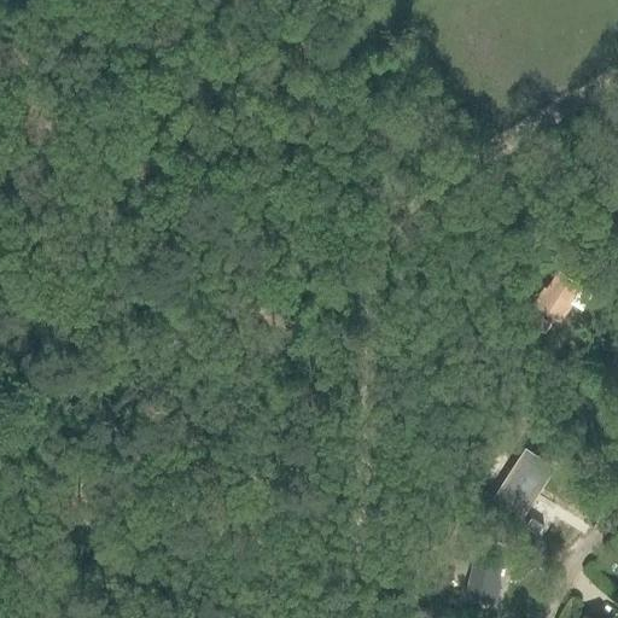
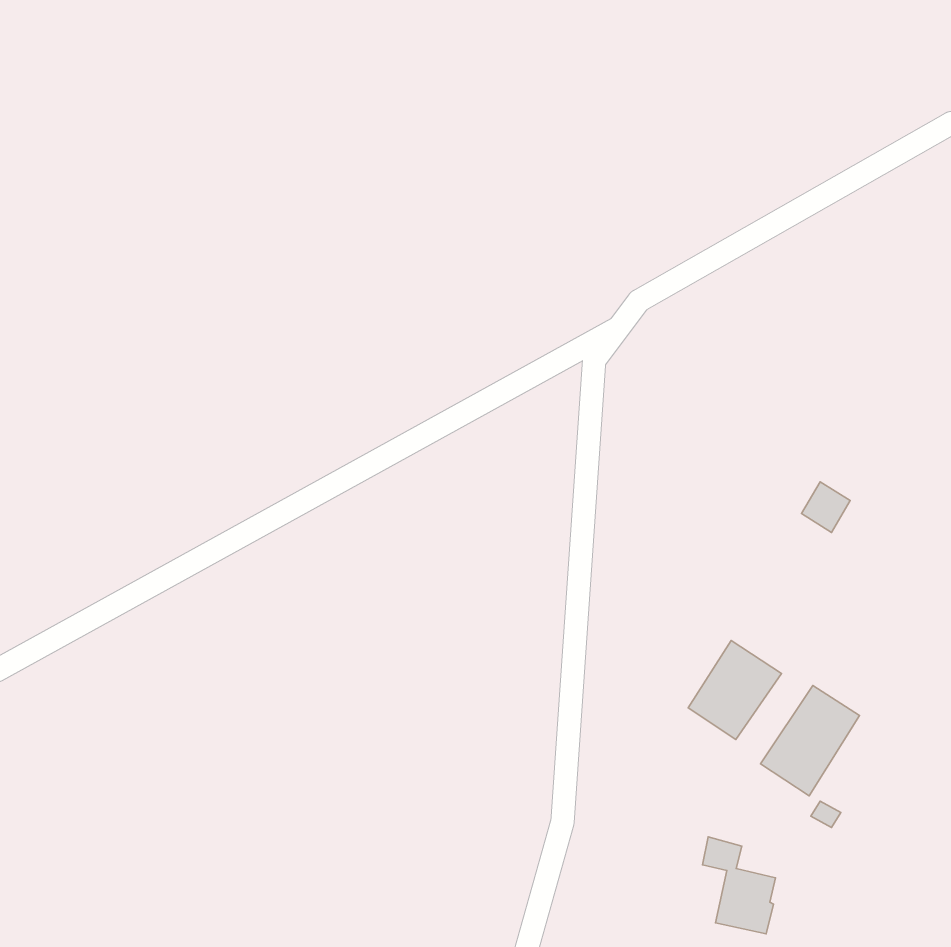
building: [530,272,581,327] -> none
building: none -> [688,641,781,740]

